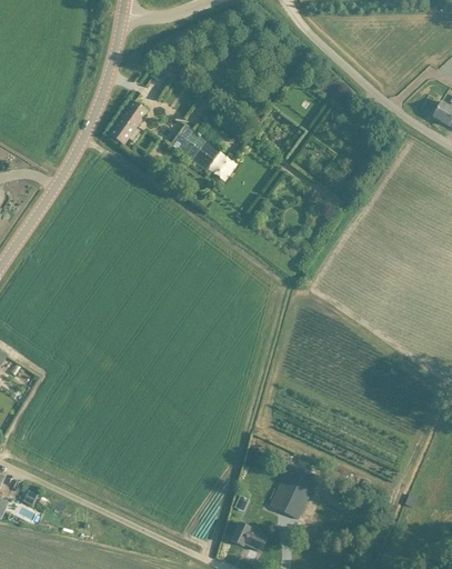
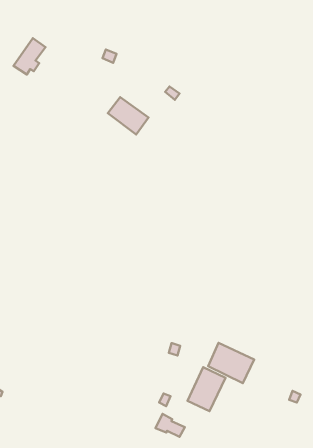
building: [107,100,147,146] -> [14,38,45,75]
building: none -> [208,343,254,383]

